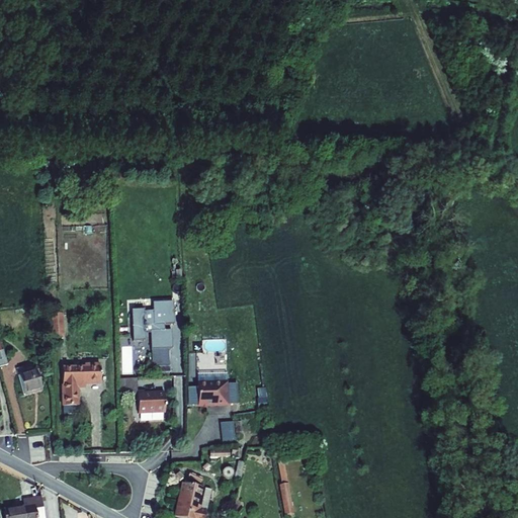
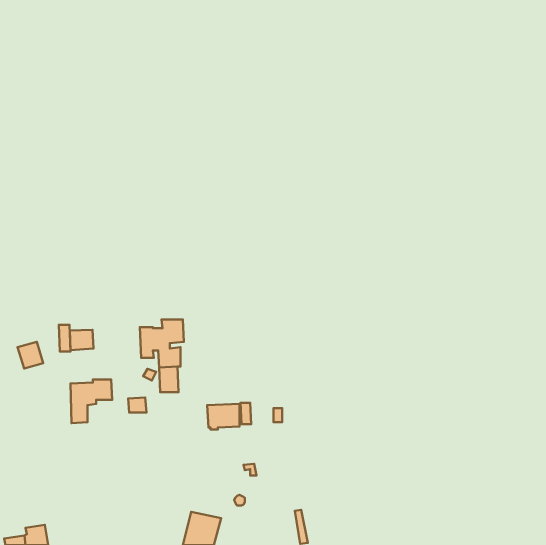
building: none -> [70,330,93,350]
building: [18,369,42,395] -> [18,342,43,369]
building: [138,393,165,414] -> none

